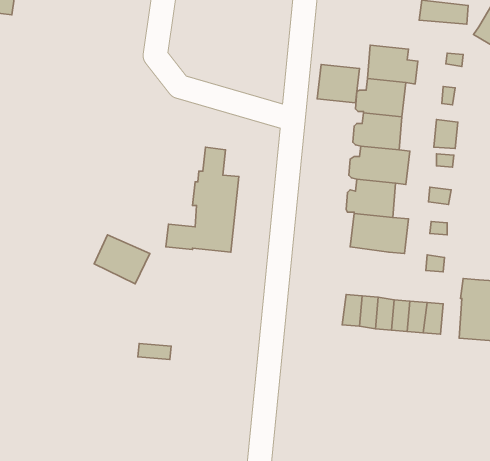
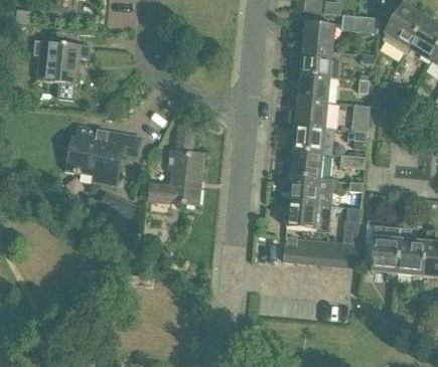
building: none -> [33,30,90,99]
building: [317,64,360,103] -> [304,21,336,50]
building: none -> [67,125,140,184]
building: none -> [287,200,331,230]

